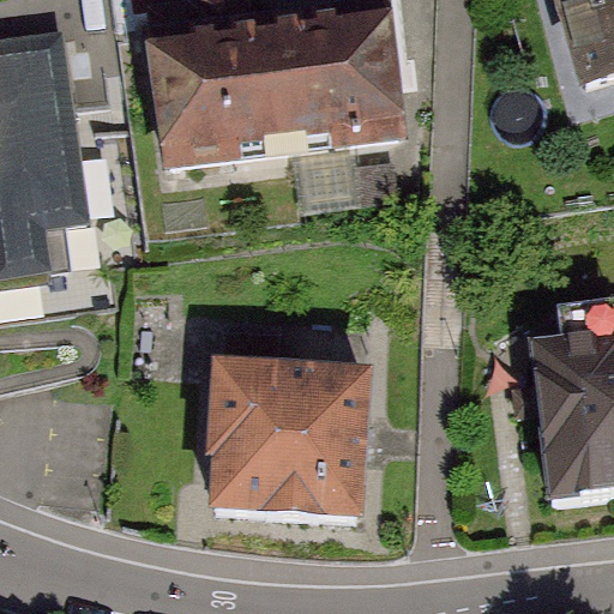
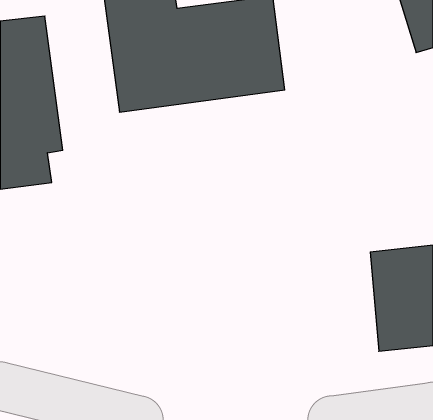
building: [201,369,365,523] -> none

